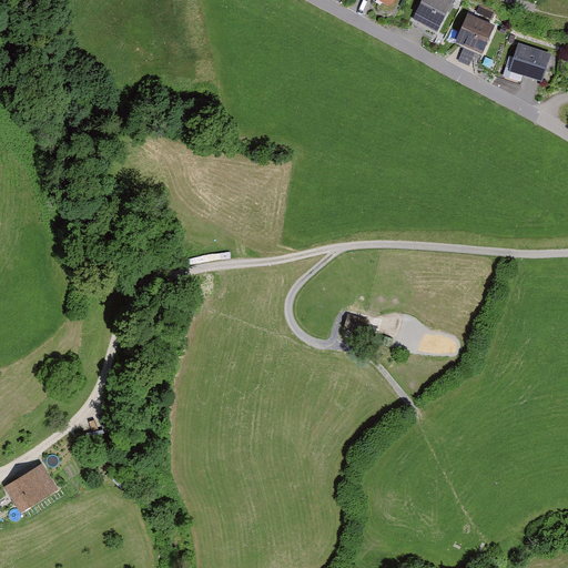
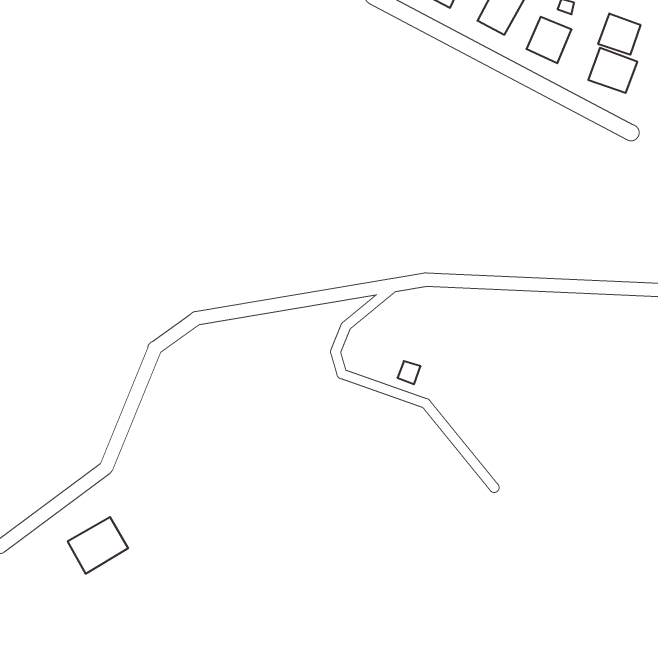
building: none -> [598,13,640,55]
building: [7,464,59,513] -> [68,517,128,574]

